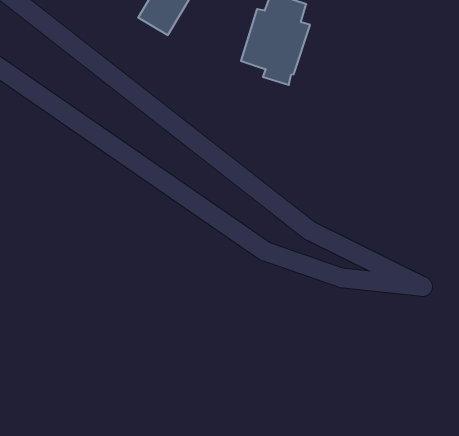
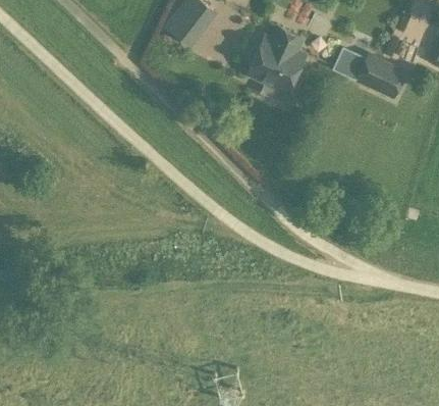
building: none -> [333,46,408,98]

